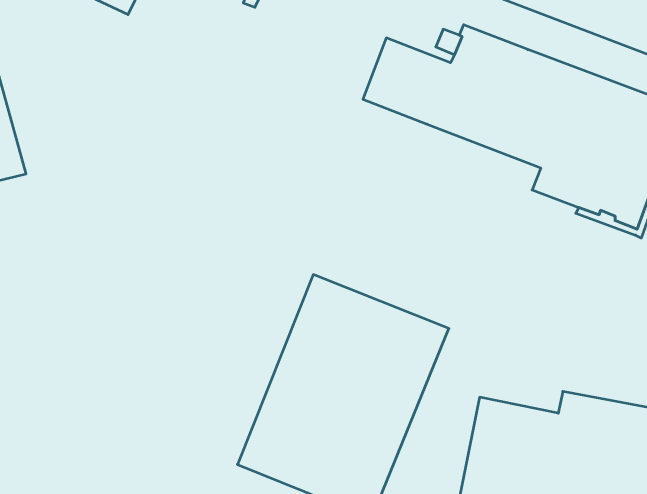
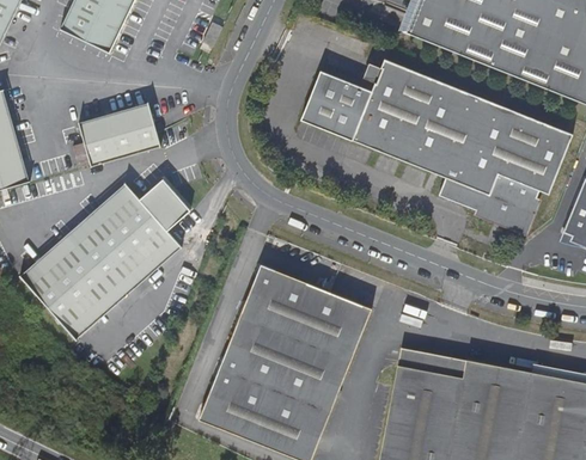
building: none -> [71,104,158,166]
building: none -> [19,179,188,338]
building: none -> [397,348,465,378]

